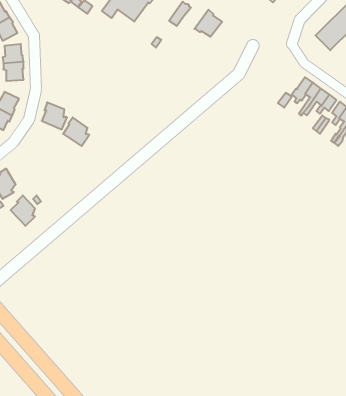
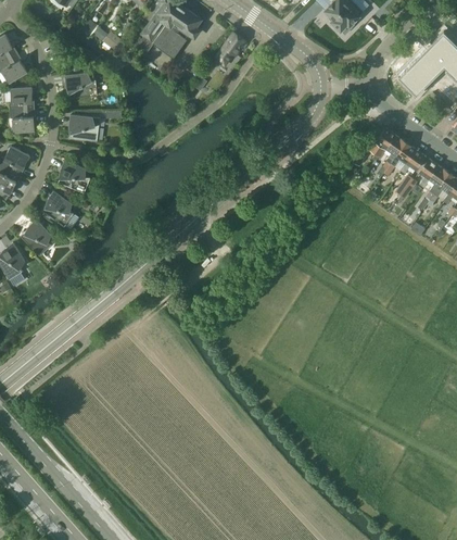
building: [194,10,222,37] -> none
building: none -> [65,73,97,99]
building: none -> [69,115,99,141]
building: [63,117,89,146] -> [41,191,74,227]
building: [11,195,35,226] -> [21,218,51,256]

